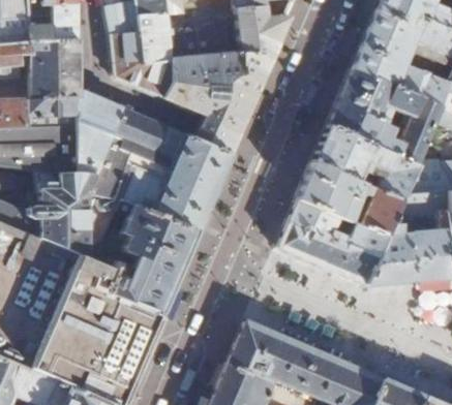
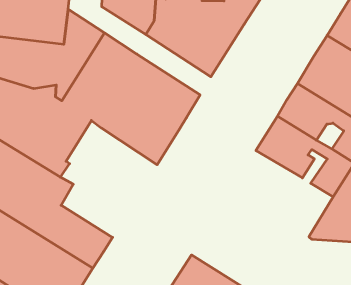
building: [278,202,386,283] -> none
building: [104,205,198,316] -> none

